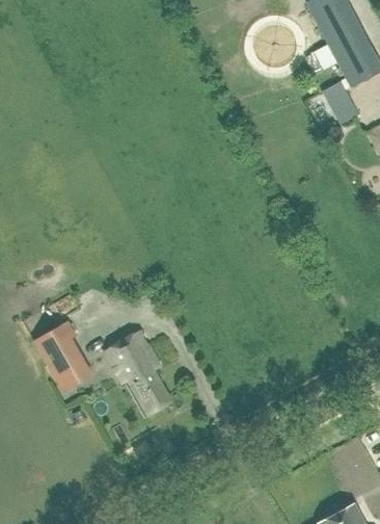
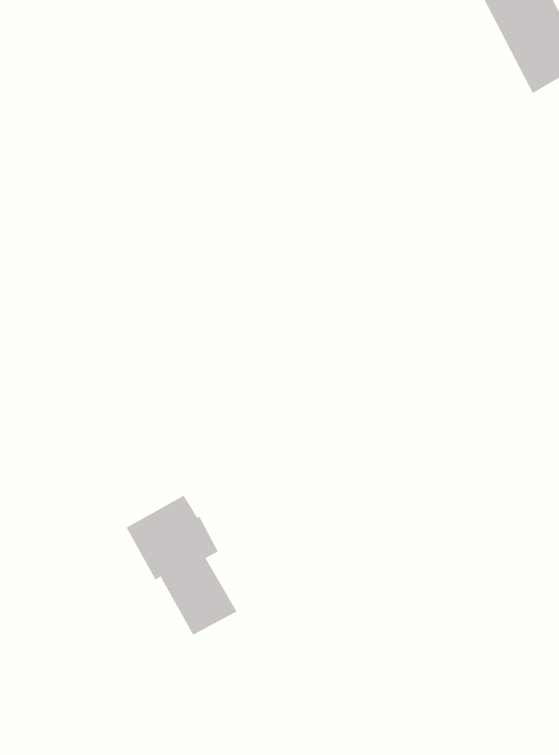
building: [322,80,360,125] -> none
building: [35,321,93,391] -> none

